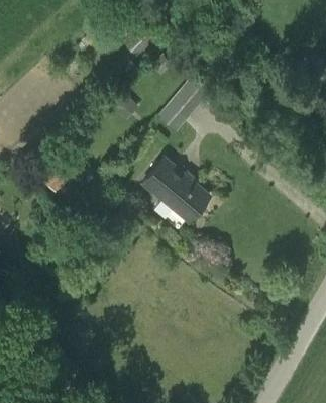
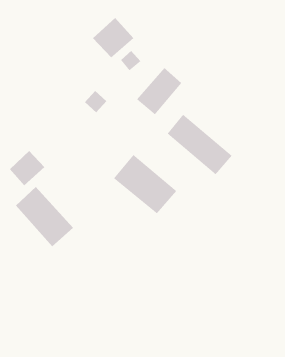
building: none -> [167,114,232,175]
building: none -> [15,186,74,247]

